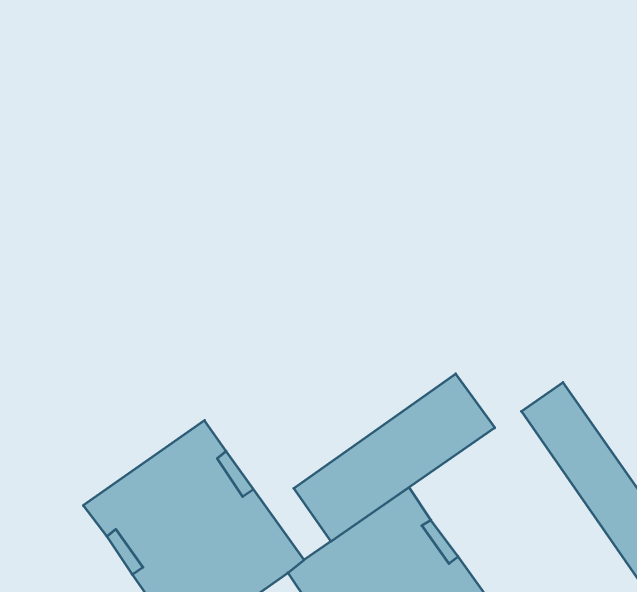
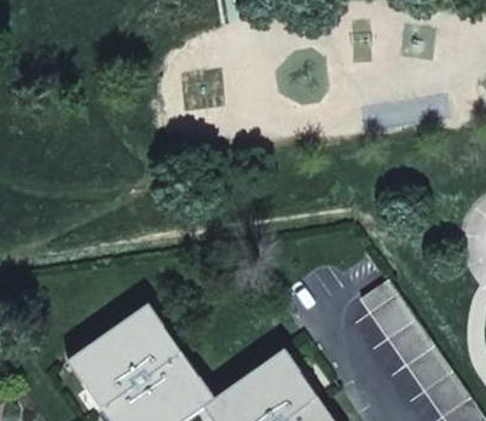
building: [294,374,495,541] -> none

